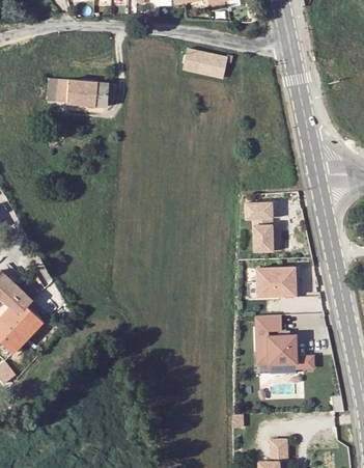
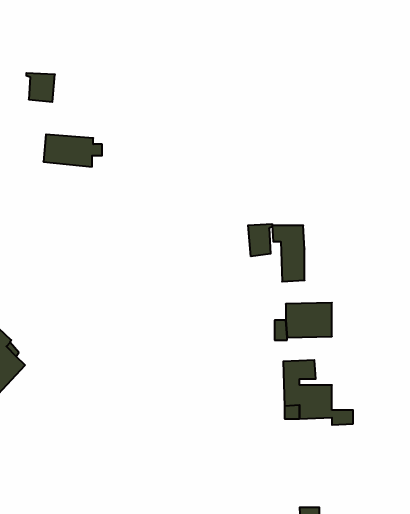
building: [181,48,226,78] -> none
building: [65,79,114,106] -> [43,134,102,167]
building: none -> [248,224,272,256]

